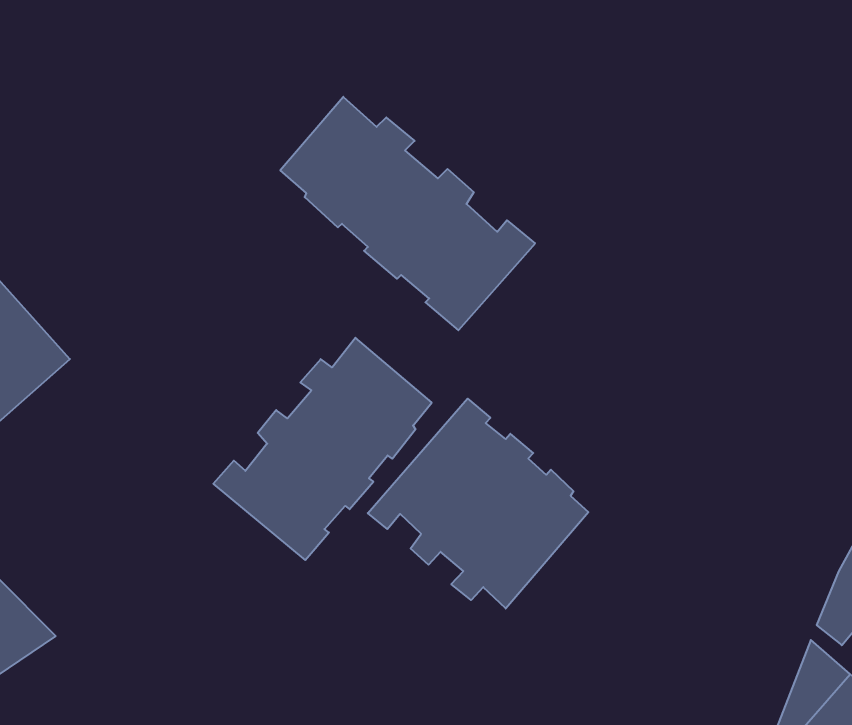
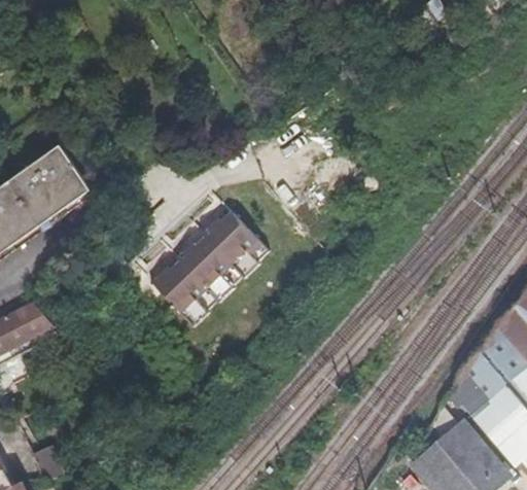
building: [280,97,535,330] -> none
building: [368,399,588,609] -> none

